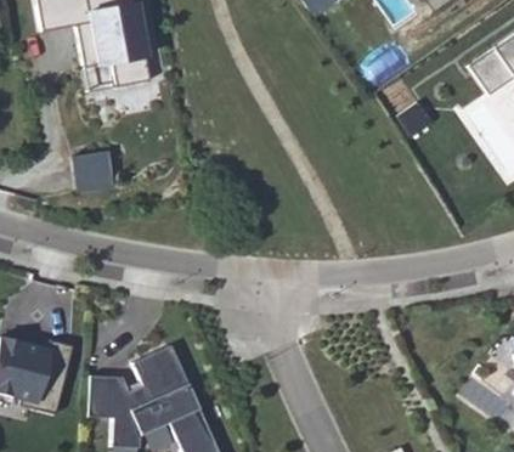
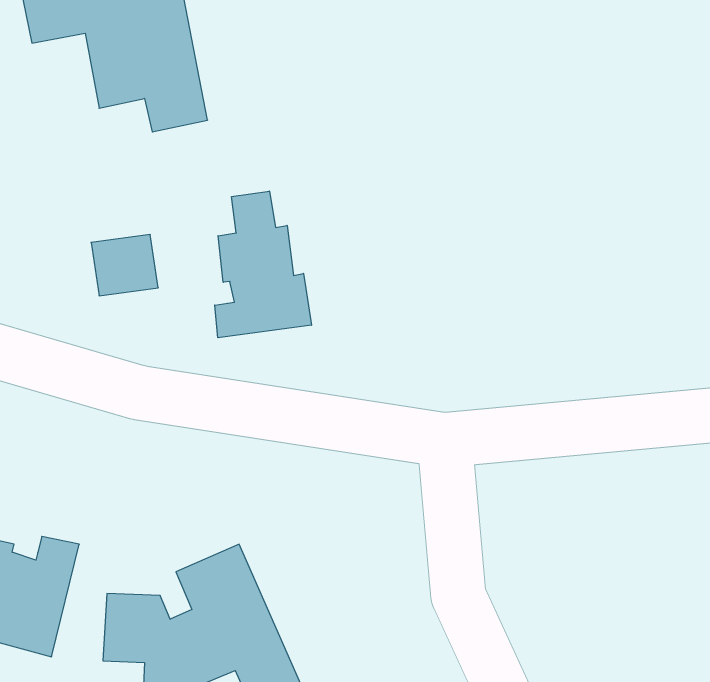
building: none -> [215,191,311,338]

